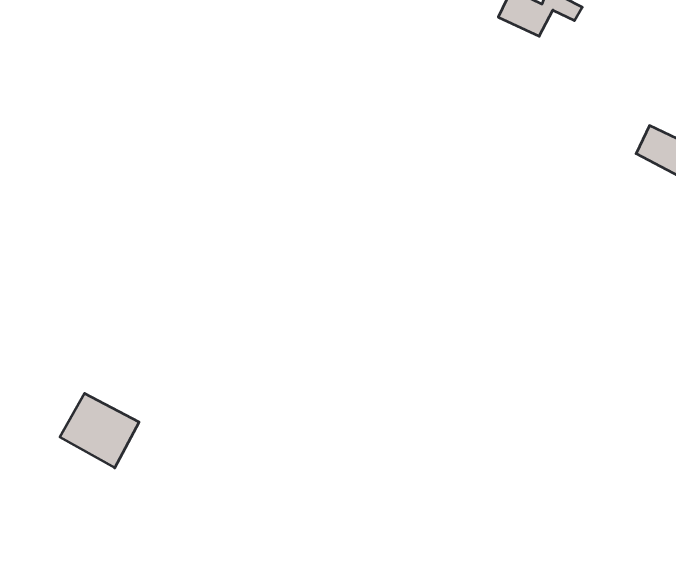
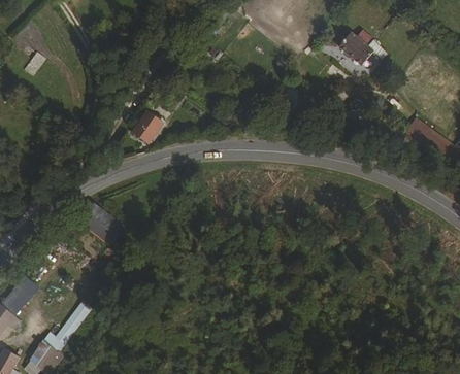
building: none -> [133,106,169,141]

